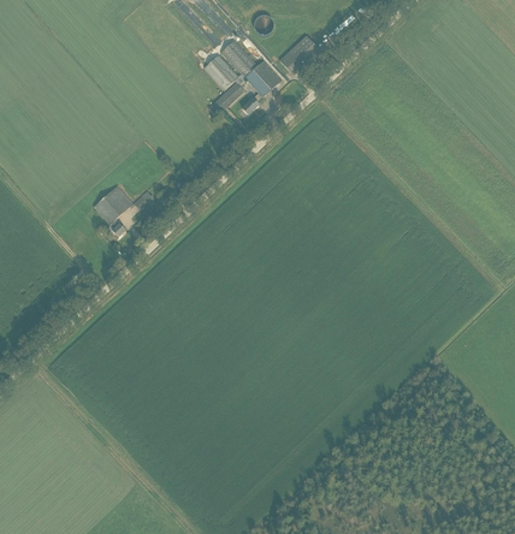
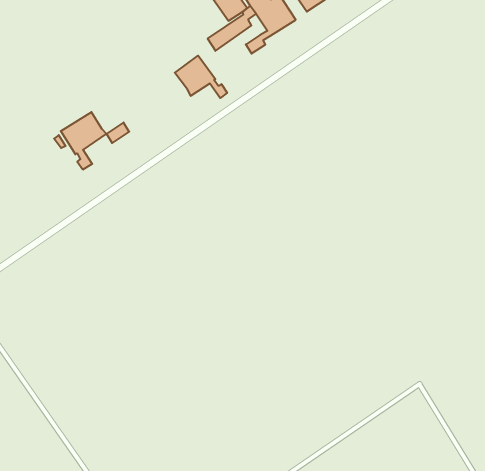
building: none -> [175,56,227,98]

